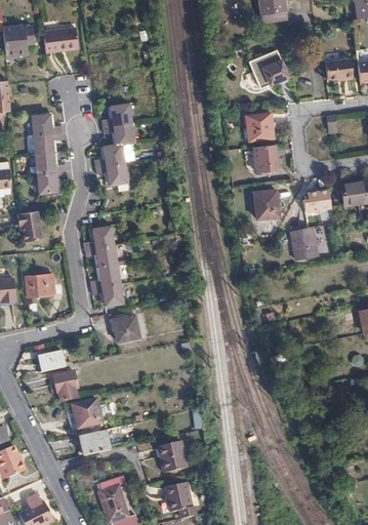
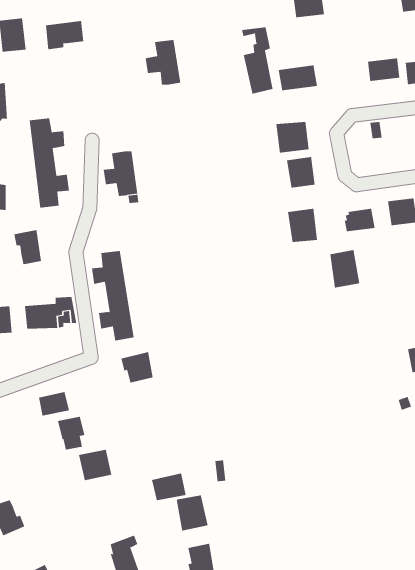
building: none -> [241,26,273,94]
building: [100,99,132,139] -> [145,39,181,85]
building: [79,429,110,453] -> [151,473,187,501]

